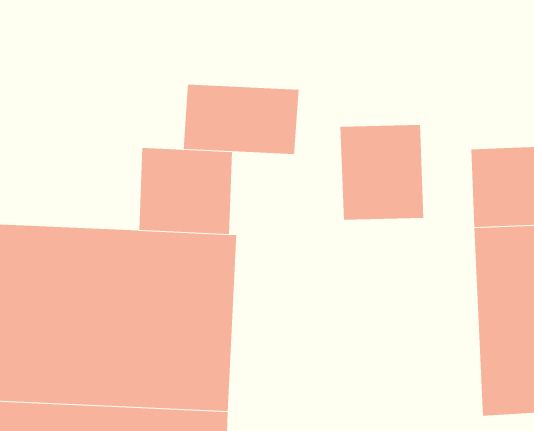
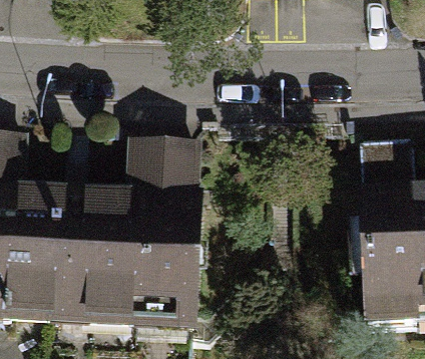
building: [183,84,299,155] -> none
building: [340,124,424,221] -> none

